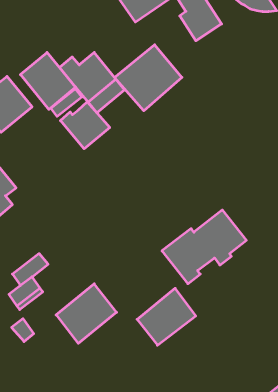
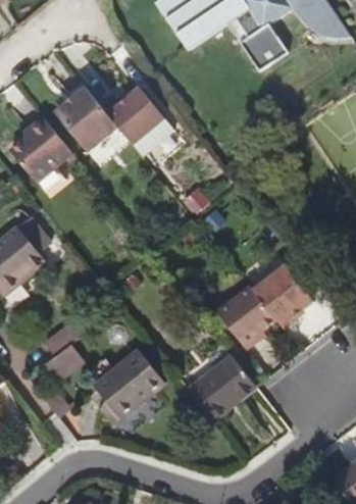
building: [114,45,182,111] -> none
building: [60,102,110,149] -> none

